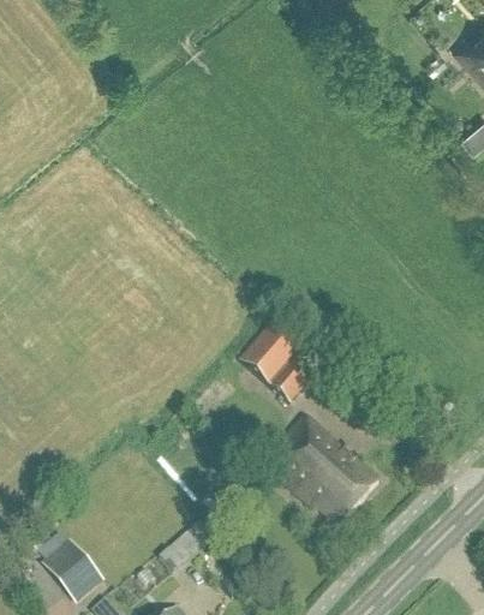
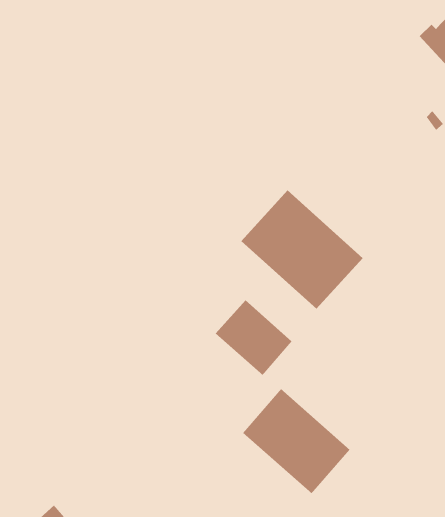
building: none -> [240,190,364,310]

